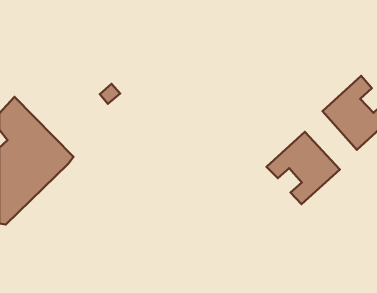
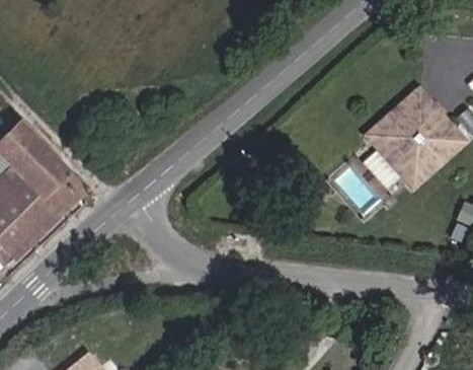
building: [267,132,340,204] -> none

